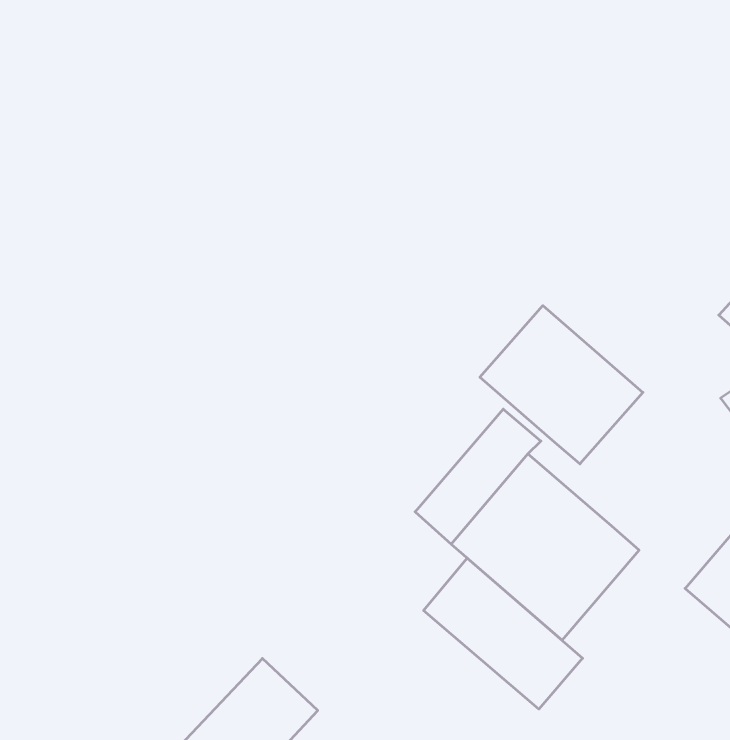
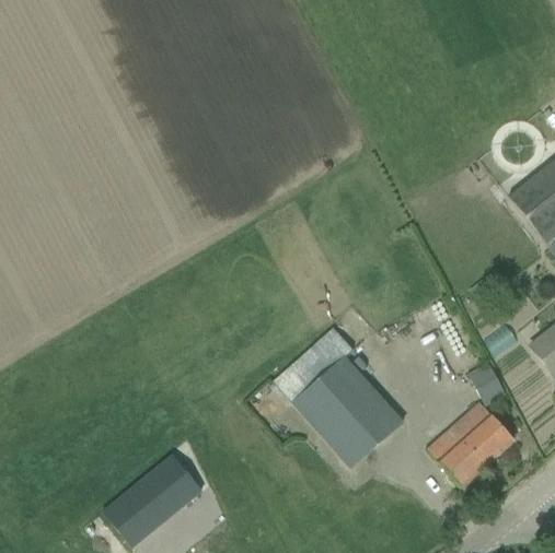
building: [480,306,643,464] -> none
building: [424,558,583,709] -> none

